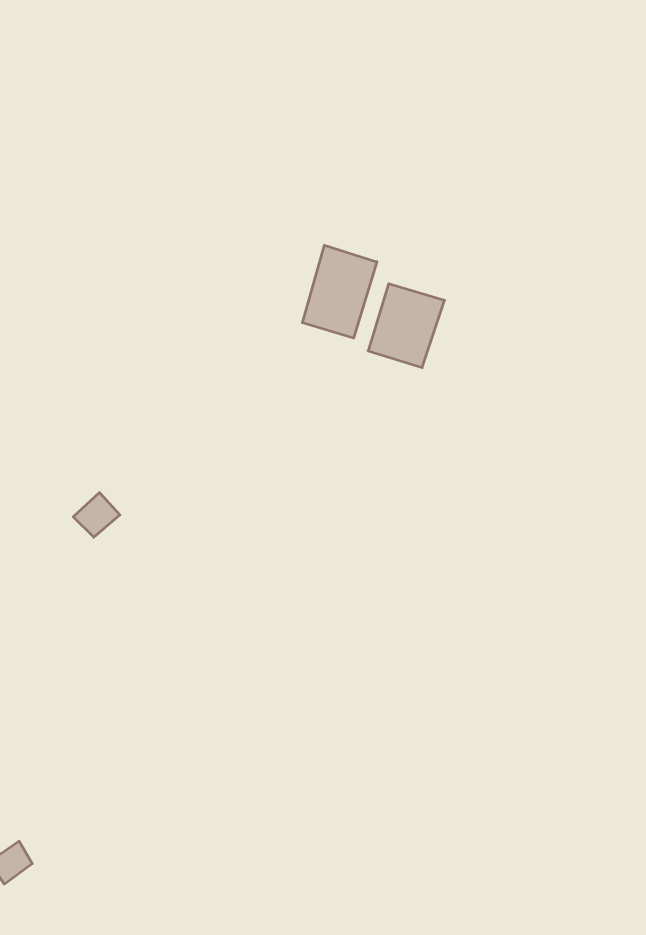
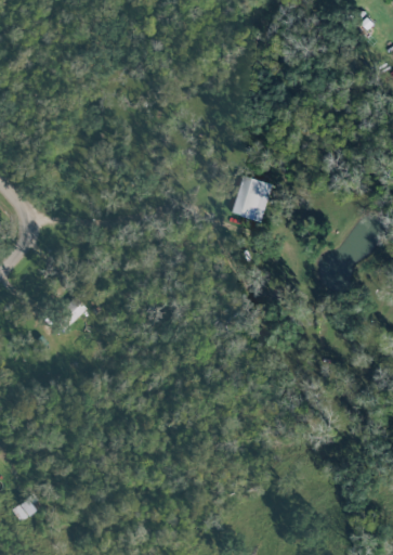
building: [302,245,377,338] -> none

